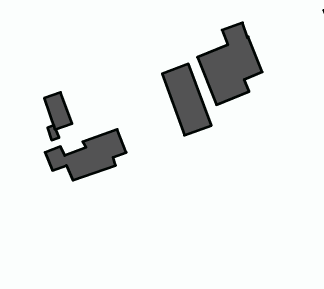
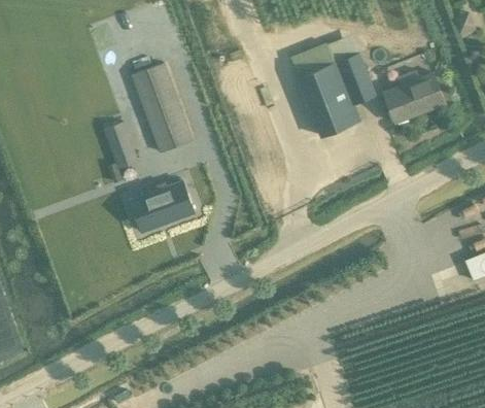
building: none -> [383,72,446,123]
building: [162,64,211,135] -> [132,64,194,154]

